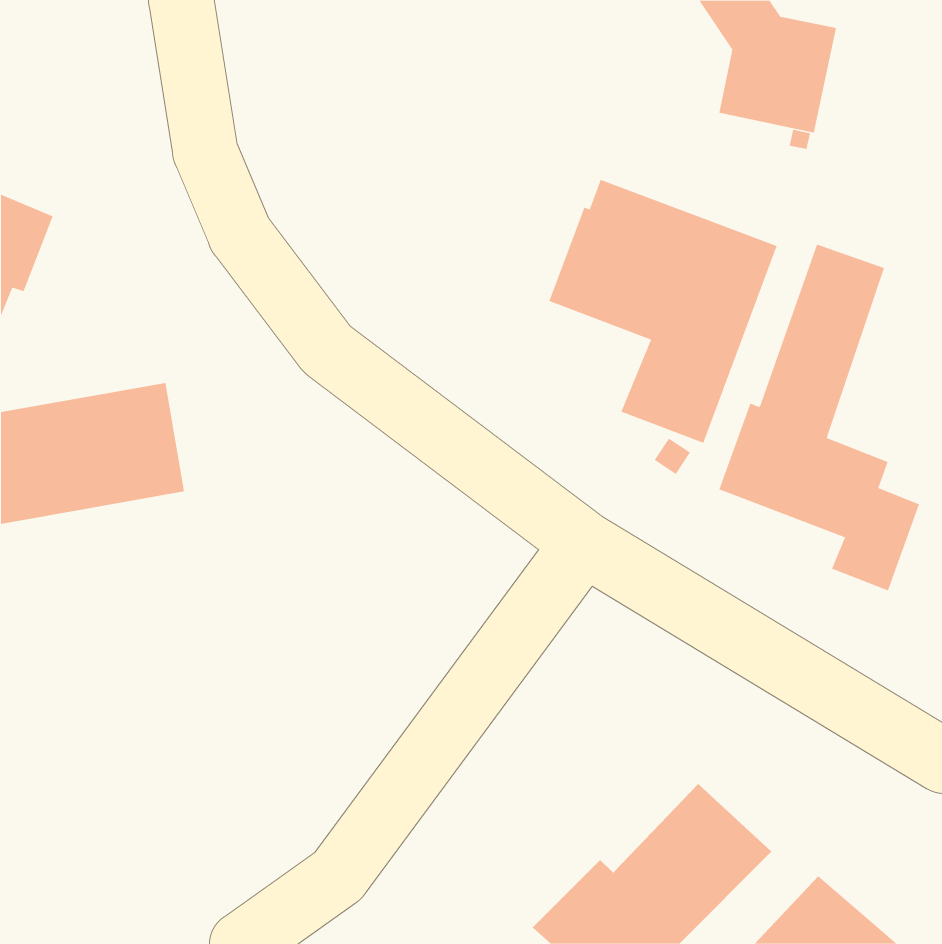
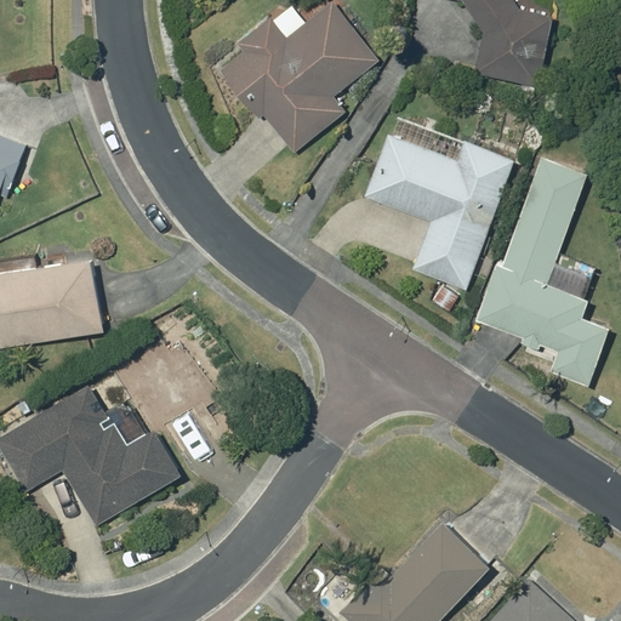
building: none -> [217,5,375,153]
building: none -> [6,377,200,522]

